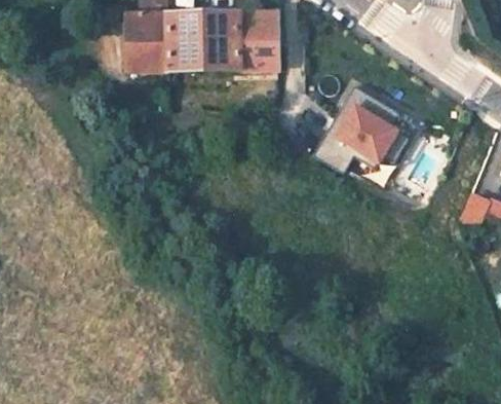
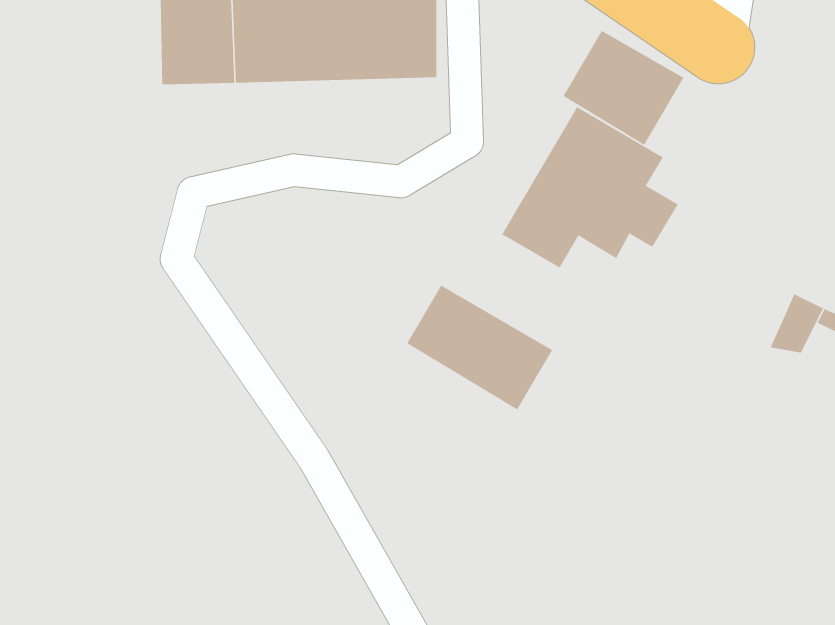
building: none -> [563,30,684,146]
building: none -> [406,285,553,410]

